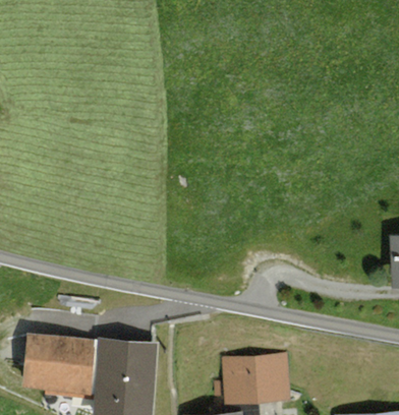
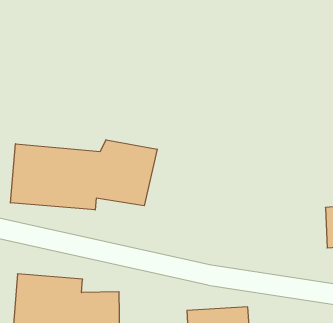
building: none -> [10,140,157,210]

